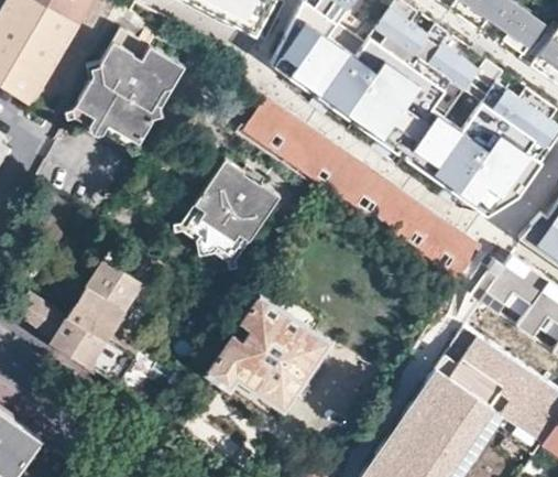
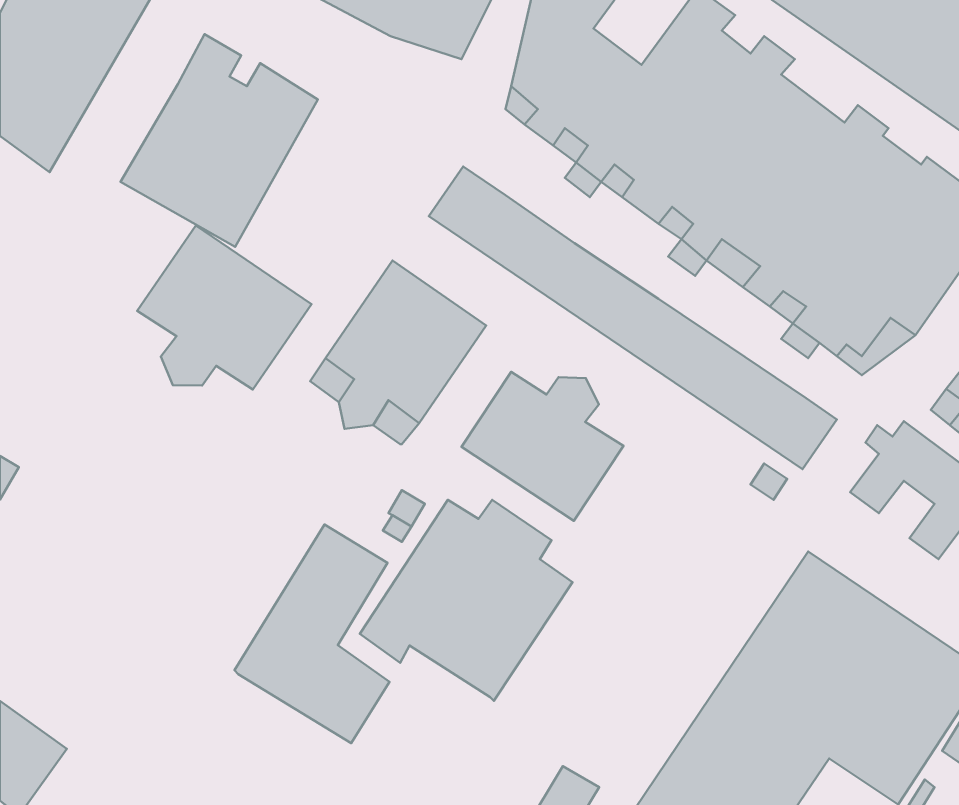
building: none -> [137,225,311,390]
building: none -> [461,372,624,521]
building: [52,260,141,386] -> [234,525,390,743]

